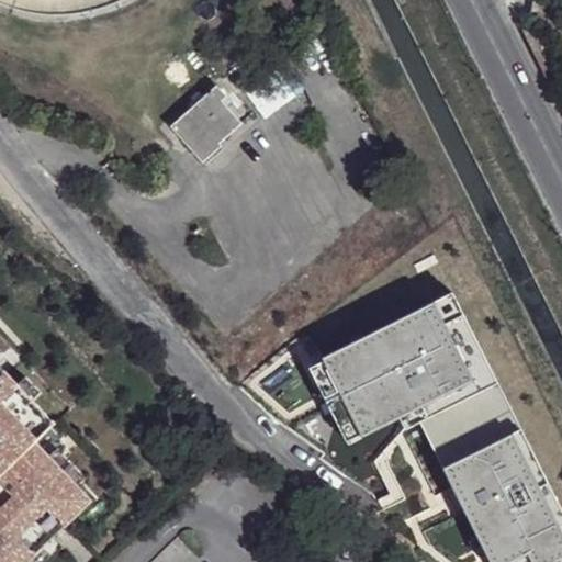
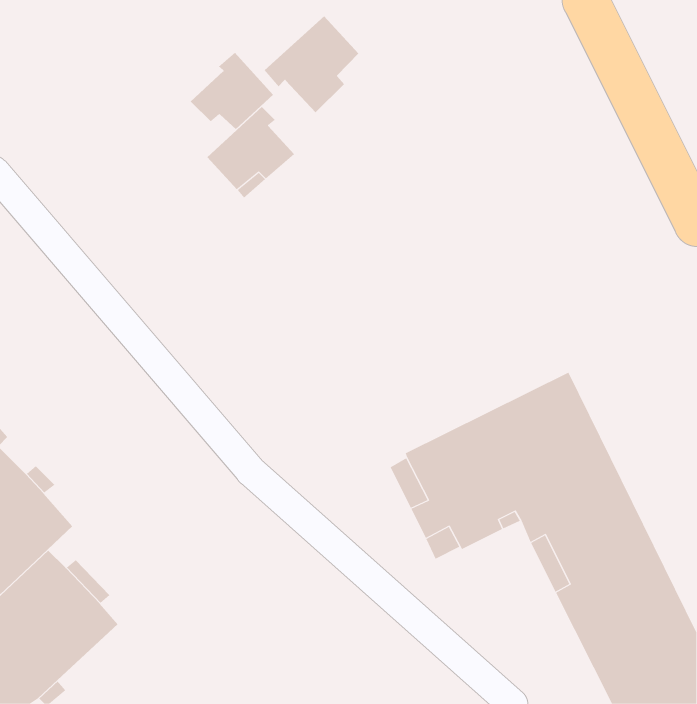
building: none -> [264,15,359,113]
building: none -> [190,52,274,130]

